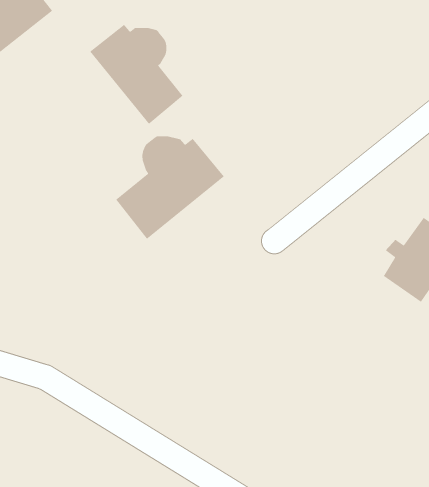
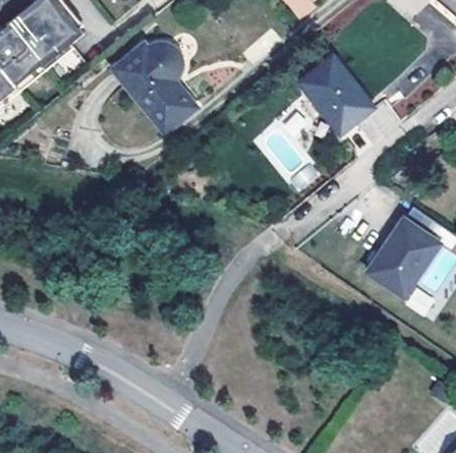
building: none -> [299,57,372,133]
building: [115,136,225,240] -> none

